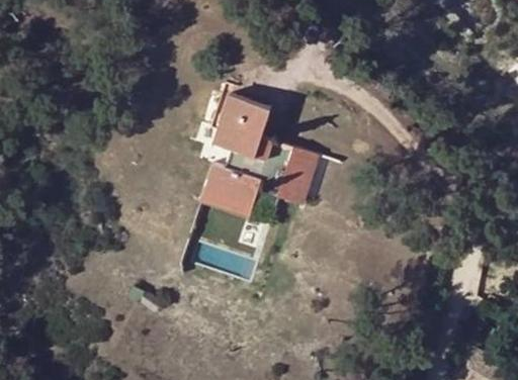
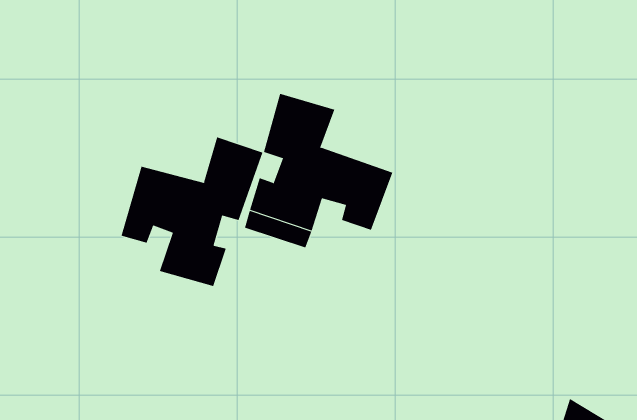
building: none -> [121,137,263,287]

